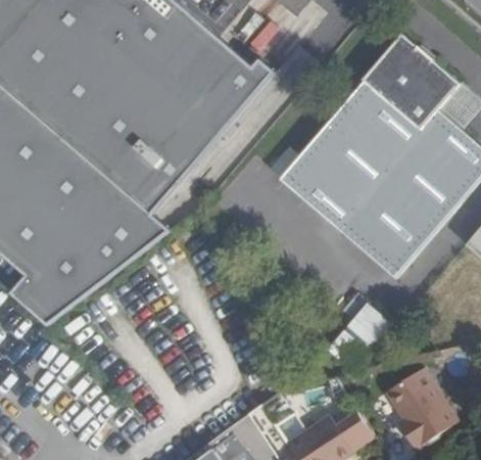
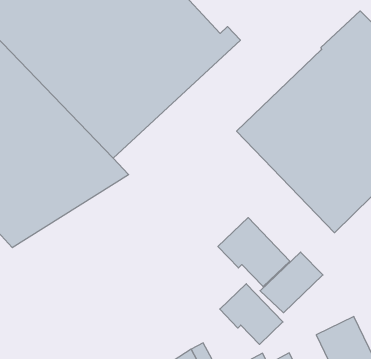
building: none -> [218,218,290,287]
building: none -> [220,284,283,344]

